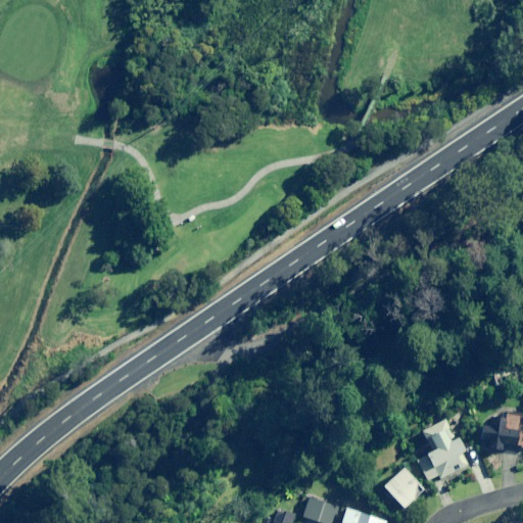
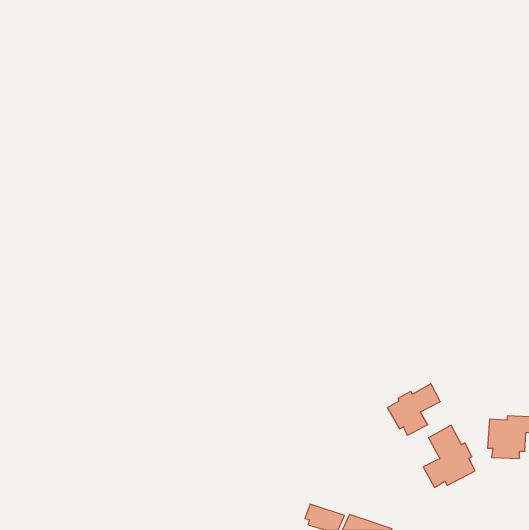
building: none -> [388,384,440,435]
building: [384,468,424,509] -> none

